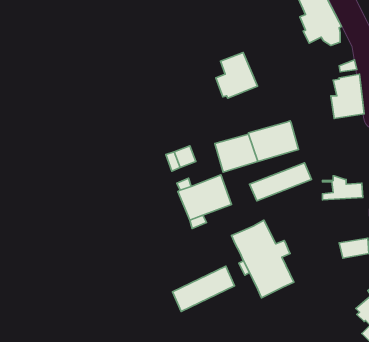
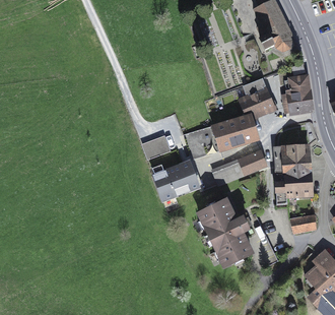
building: [216,53,258,98] -> [240,78,275,117]
building: none -> [275,144,310,169]
building: none -> [276,180,312,204]
building: [172,266,235,311] -> none

